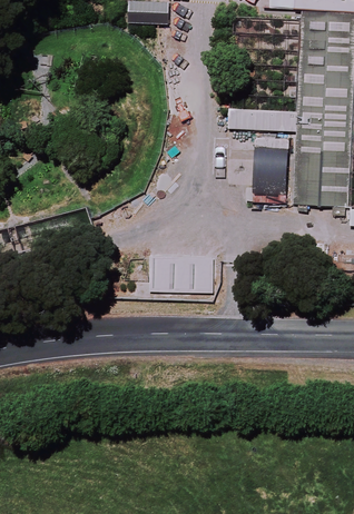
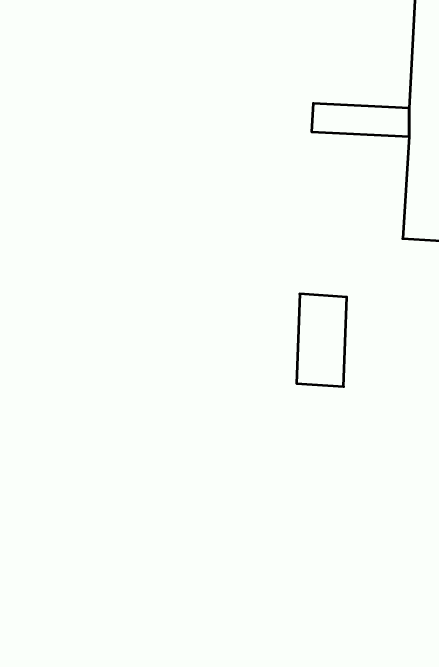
building: [253,138,288,204] -> [297,294,347,387]

